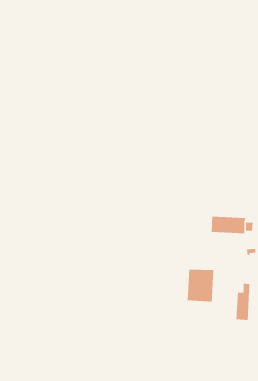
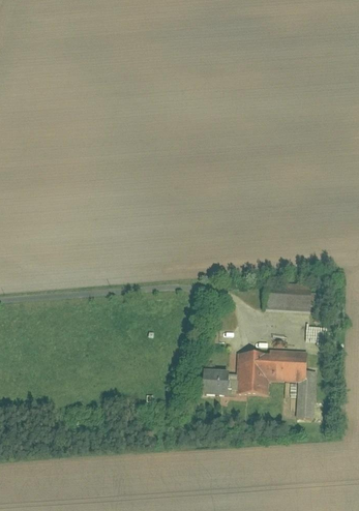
building: none -> [269,350,307,382]
building: none -> [201,370,227,396]

